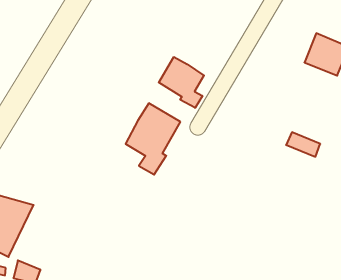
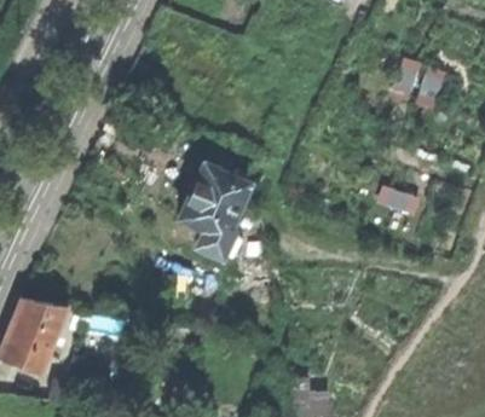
building: [159,57,204,108] -> none

